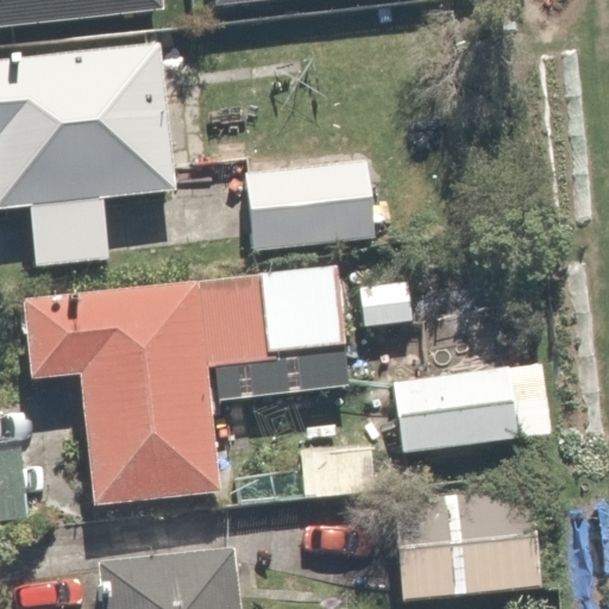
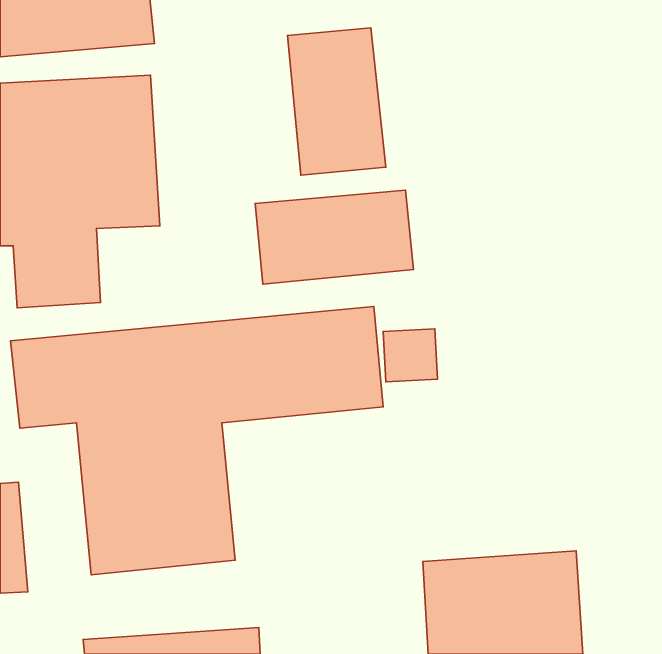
building: none -> [287,28,386,175]
building: [390,368,545,465] -> none

